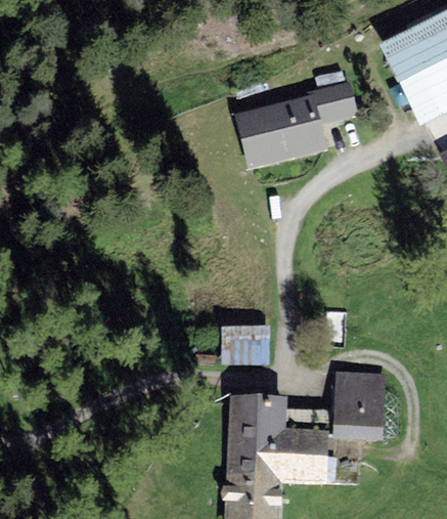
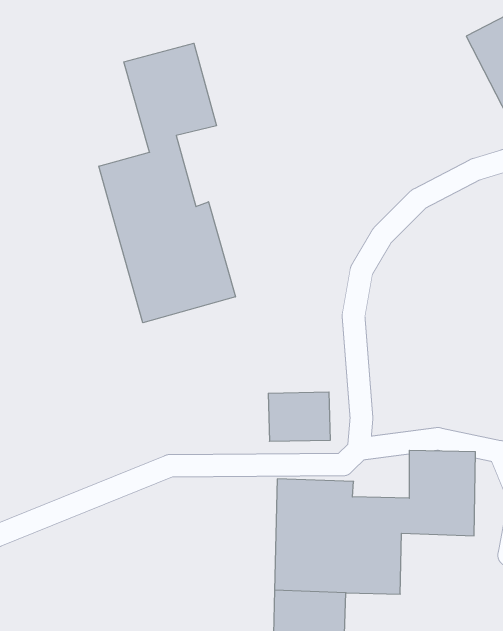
building: none -> [99,43,235,323]
building: [235,71,359,170] -> none

